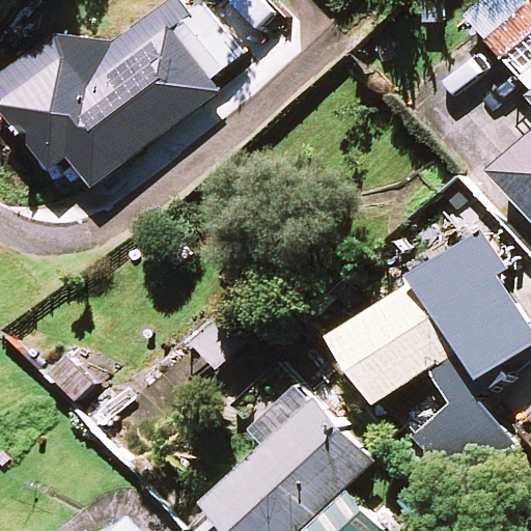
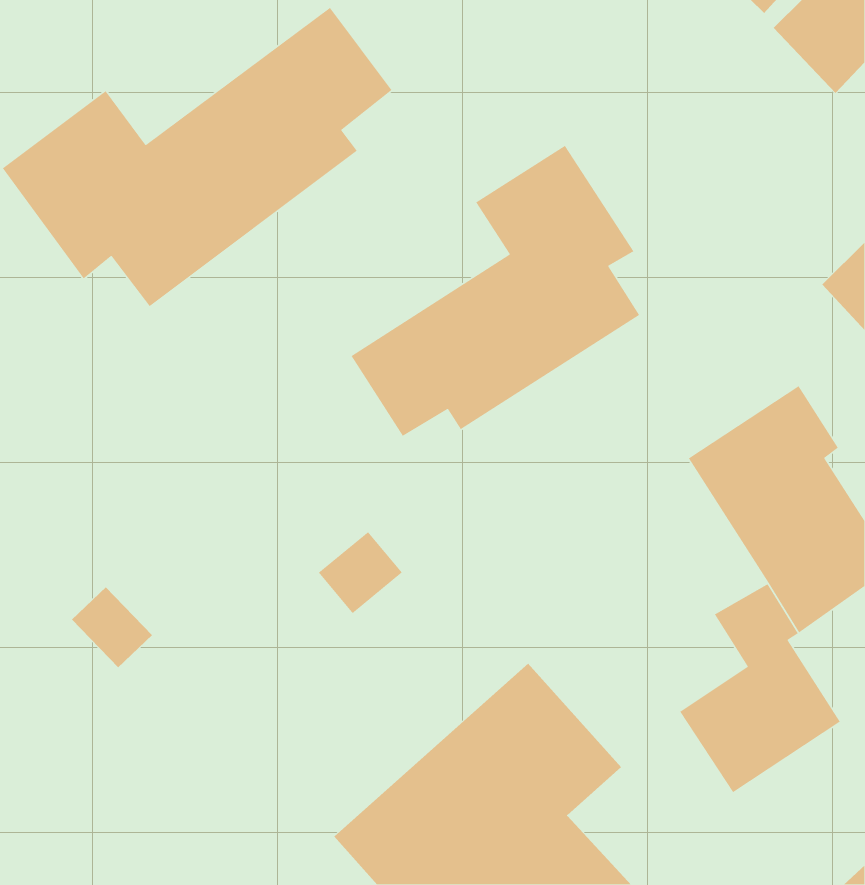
building: none -> [351,145,640,437]
building: [332,274,458,400] -> none

